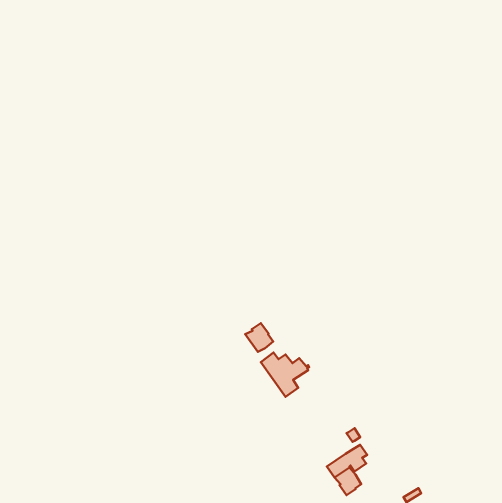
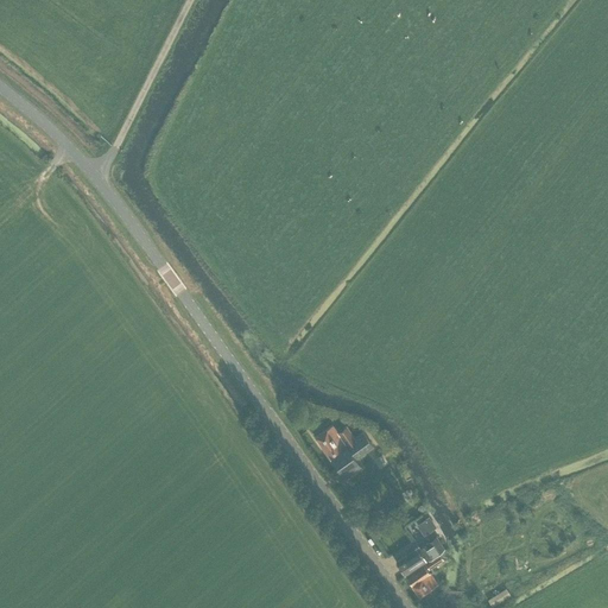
building: [245,323,273,352] -> none

